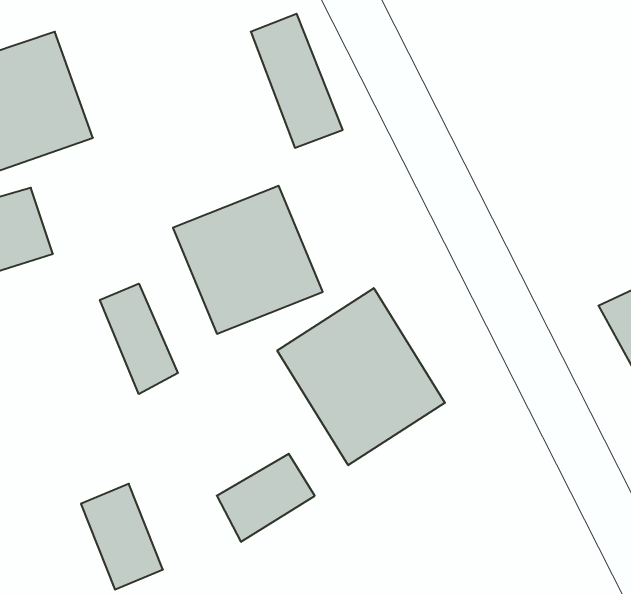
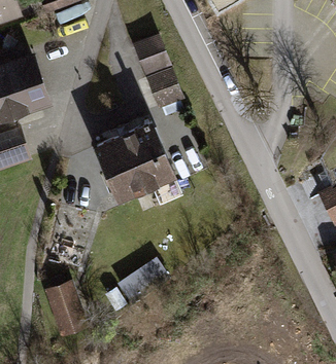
building: [100,284,178,394] -> none
building: [277,288,445,465] -> none

